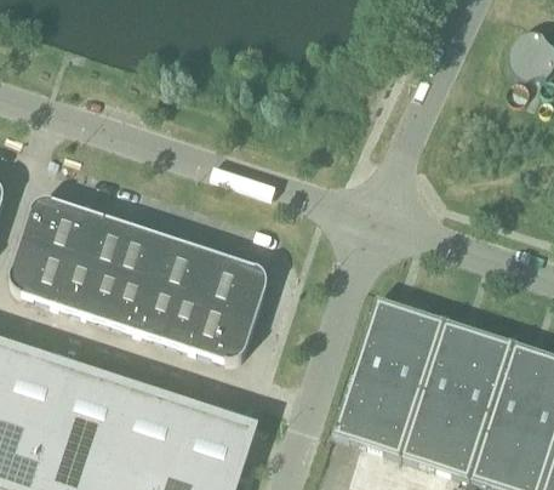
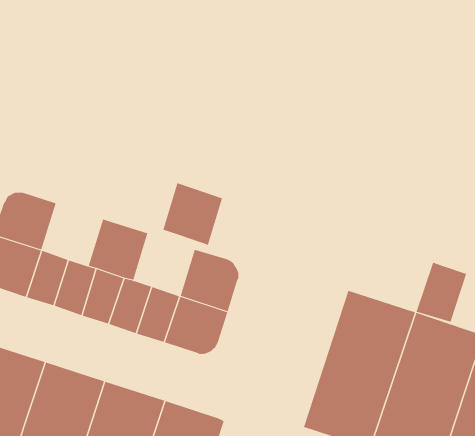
building: [70,209,131,272] -> none
building: [162,239,223,302] -> [162,183,223,246]
building: none -> [416,262,467,323]

